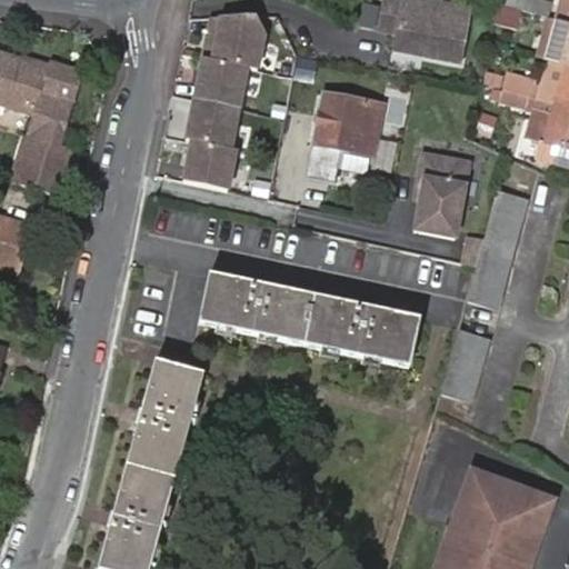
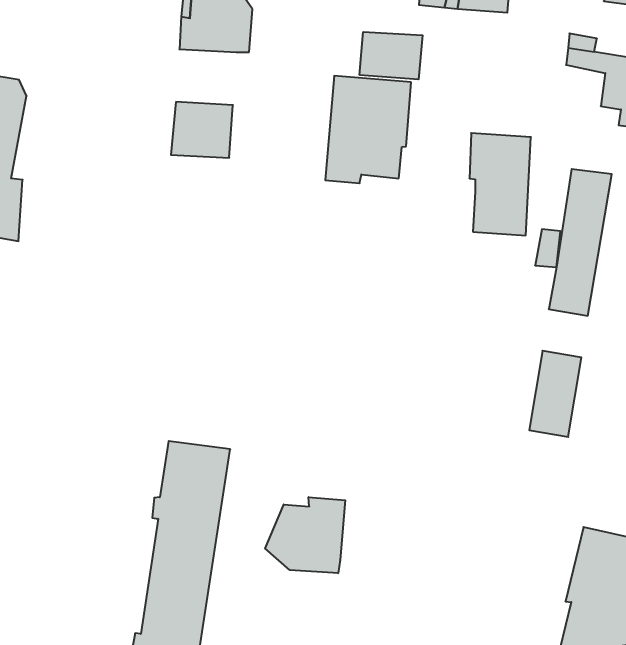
building: [193,56,246,104] -> none
building: none -> [360,32,423,79]
building: [182,139,236,189] -> none
building: [198,273,420,367] -> none
building: none -> [265,497,345,573]

